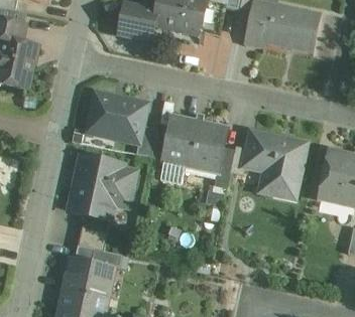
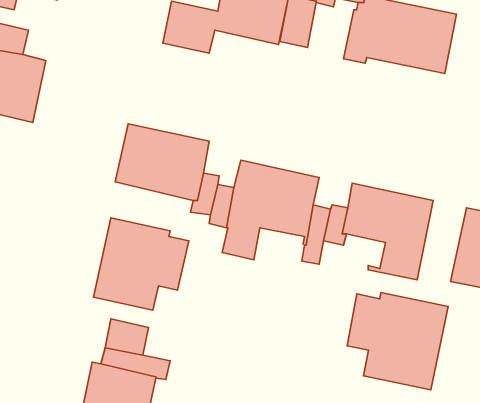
building: none -> [347,293,448,390]

